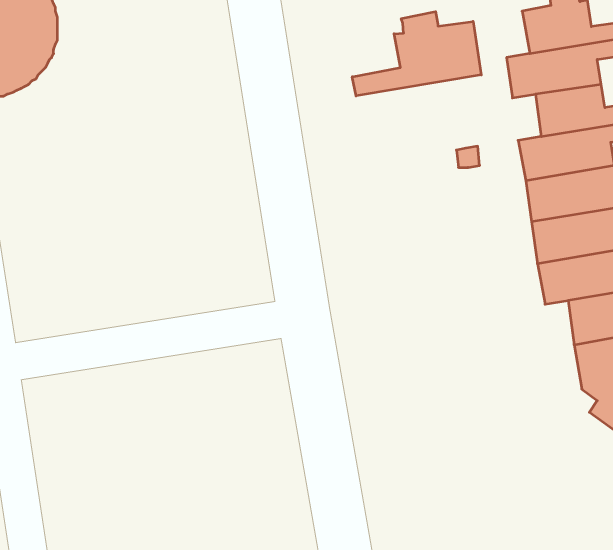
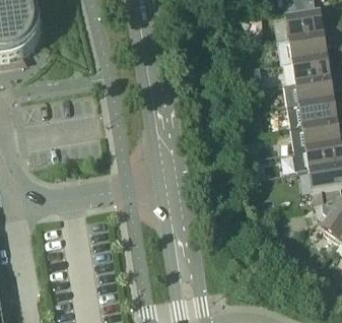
building: [352,12,481,96] -> none

